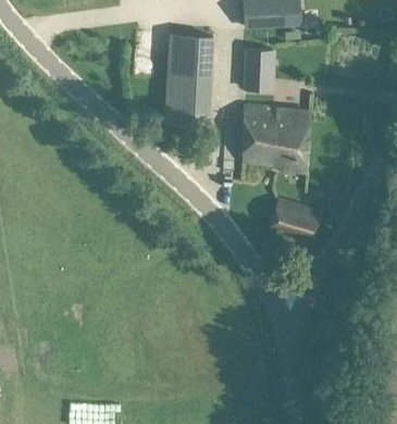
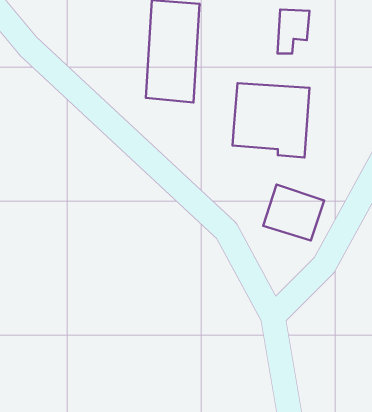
building: [246,50,274,89] -> [278,10,309,54]

